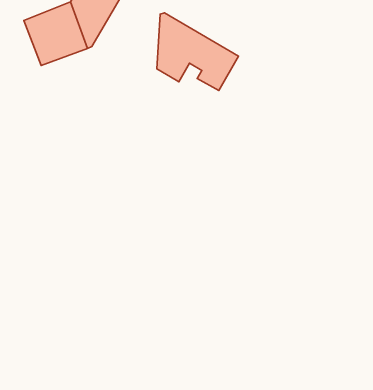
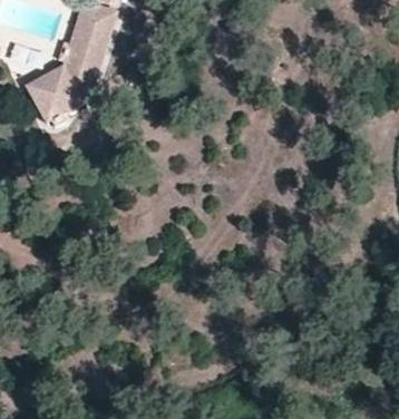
building: [157,13,239,91] -> none

